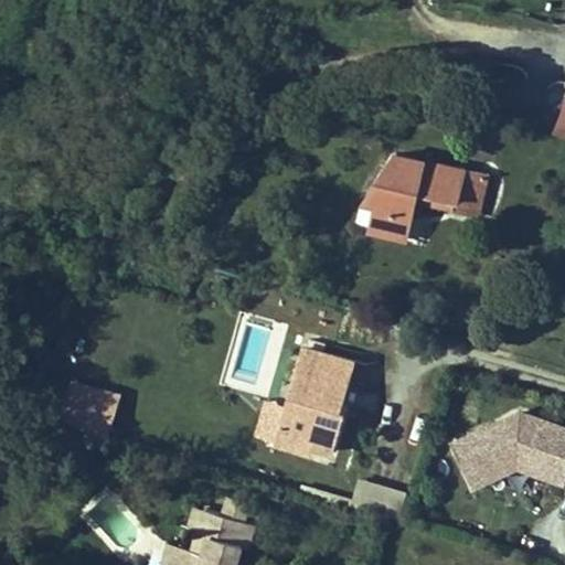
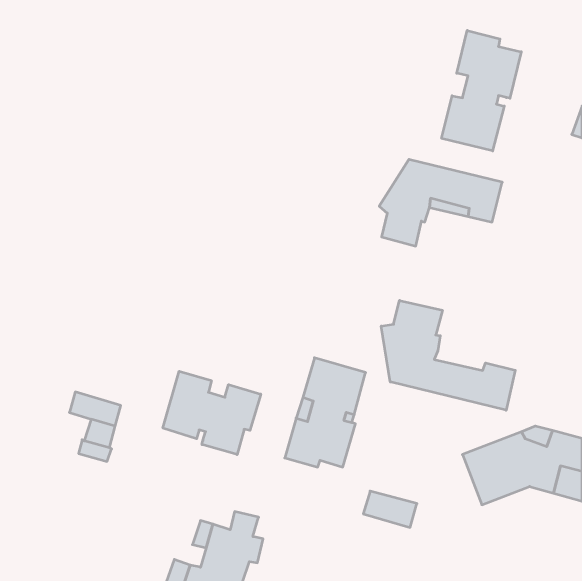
building: none -> [442,30,521,151]
building: none -> [381,300,515,410]
building: none -> [163,371,261,455]

